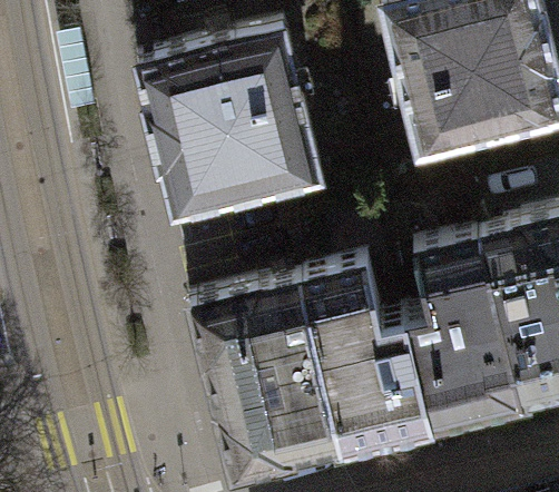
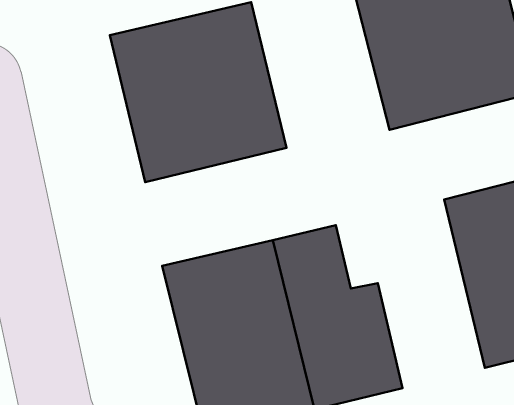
building: [414,229,526,425] -> none

